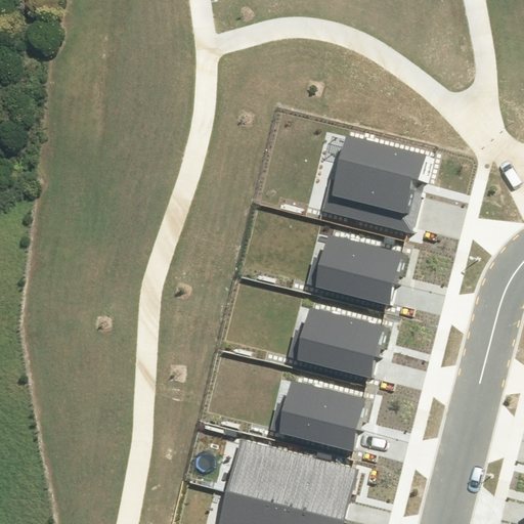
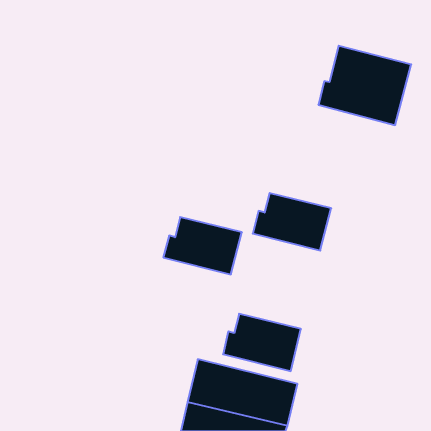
building: [321,136,434,232] -> [318,46,411,125]
building: [289,307,384,377] -> [163,217,242,274]

